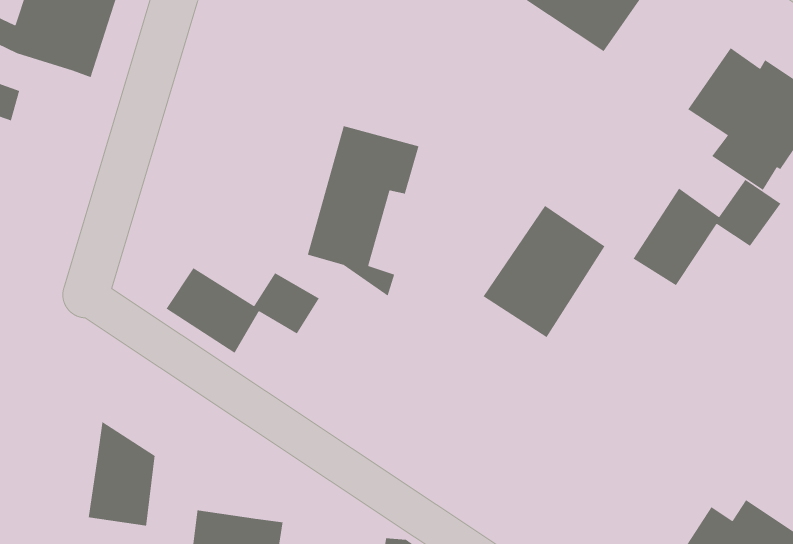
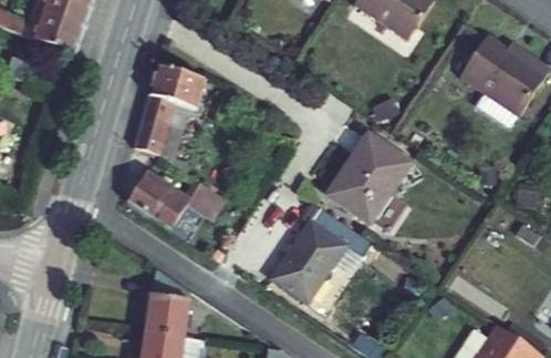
building: [307,125,419,297] -> [134,65,206,175]
building: [633,179,782,286] -> none
building: none -> [272,203,372,301]
building: [88,421,155,527] -> [146,269,189,337]

